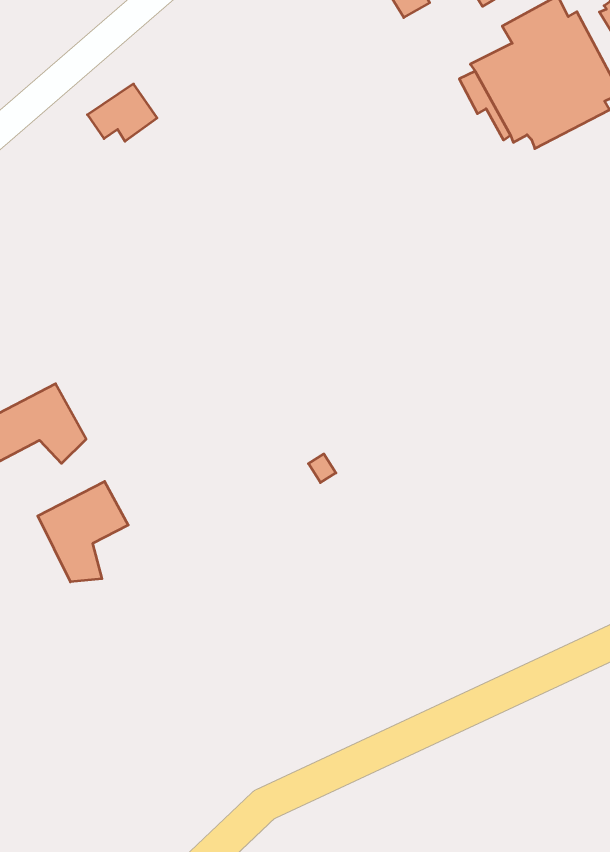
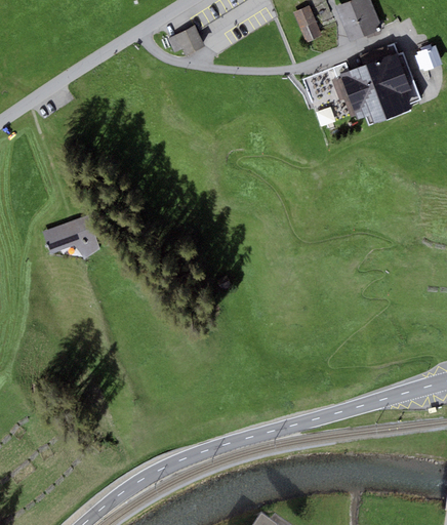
building: [87,84,157,141] -> [167,25,205,55]
building: [38,481,128,582] -> none

